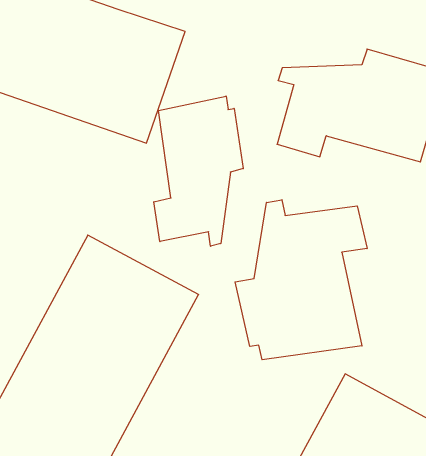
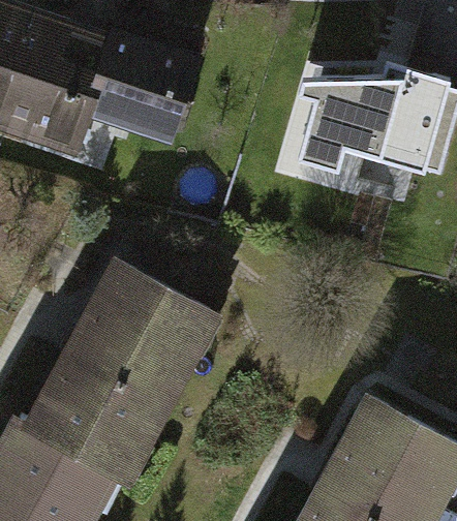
building: [154,96,243,246] -> none
building: [235,200,367,360] -> none

